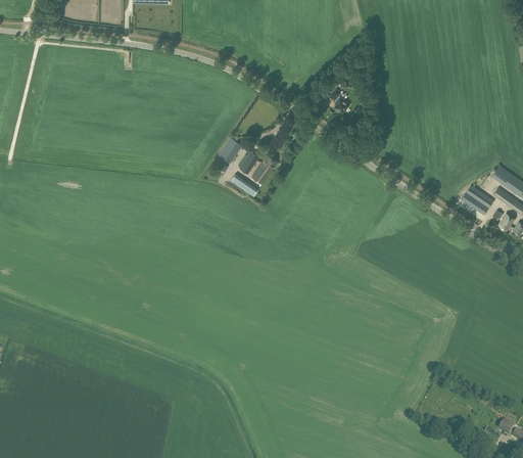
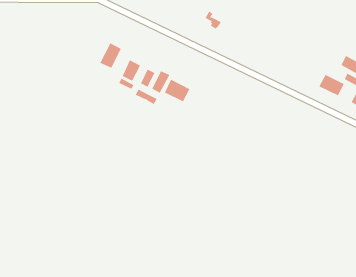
building: none -> [100,42,122,69]
building: none -> [164,79,190,102]

